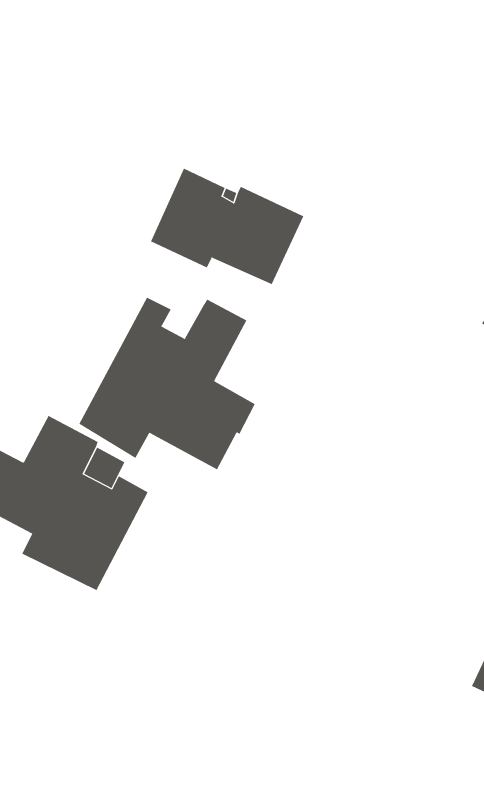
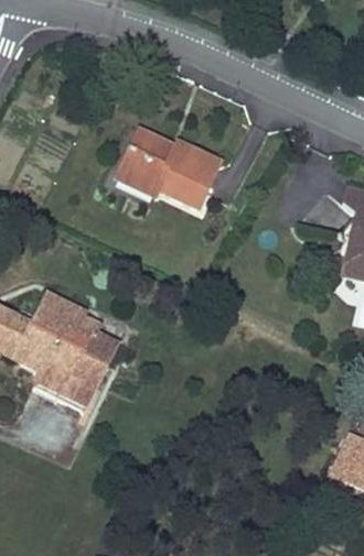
building: [78,297,255,470] -> none

